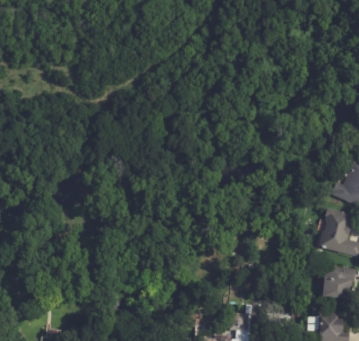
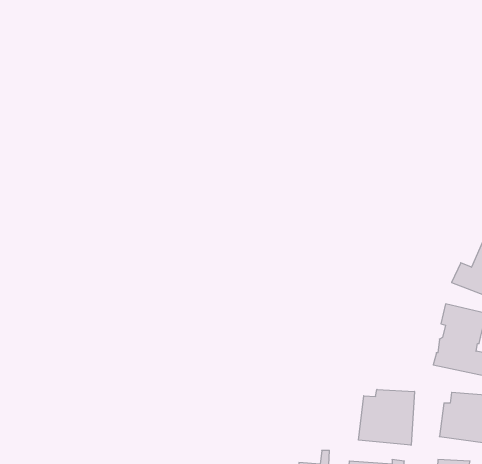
building: none -> [359,389,414,445]

